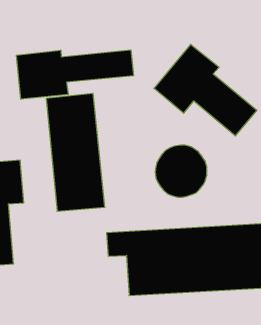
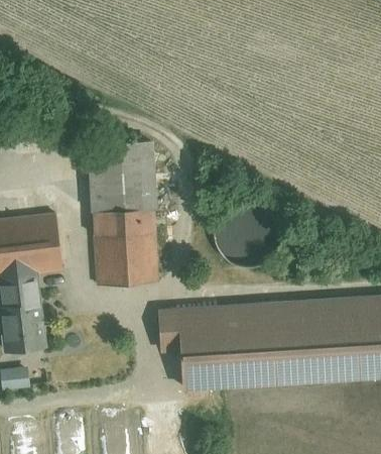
building: [154,44,257,136] -> none
building: [16,50,133,99] -> none

